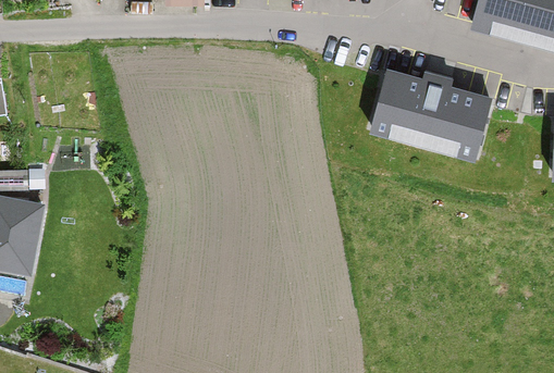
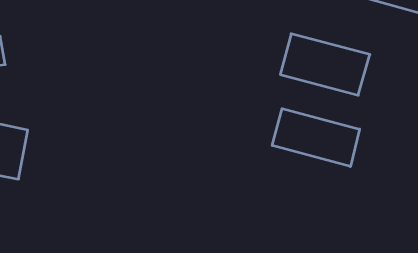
building: none -> [272,109,360,167]

